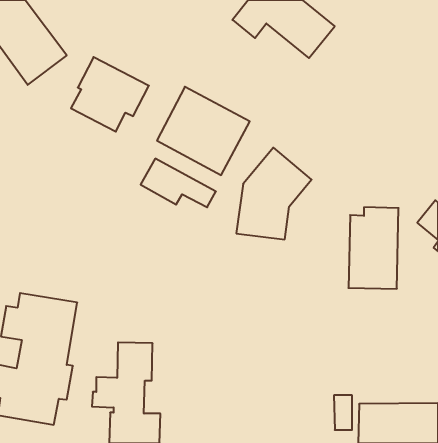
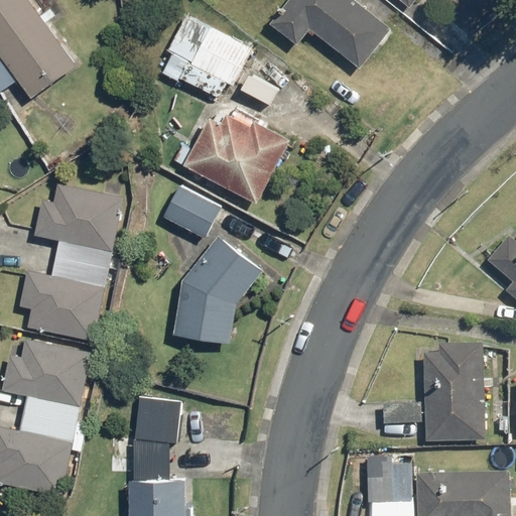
building: [71,57,149,132] -> [160,16,251,103]
building: [236,148,312,239] -> [174,235,262,342]
building: none -> [17,183,122,339]
building: [348,207,399,289] -> [425,343,484,437]

